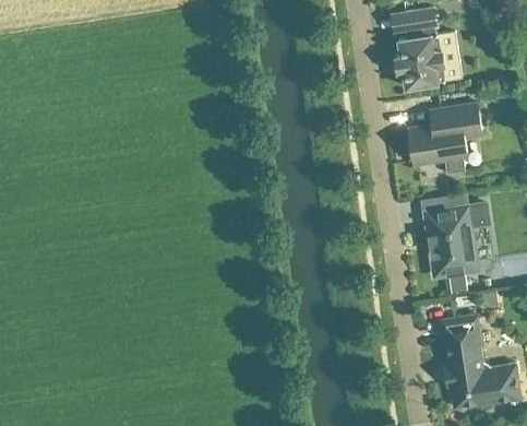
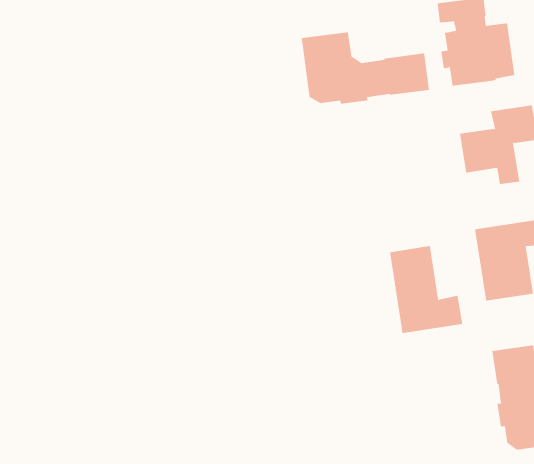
building: none -> [301,31,430,104]
building: none -> [389,245,463,334]

